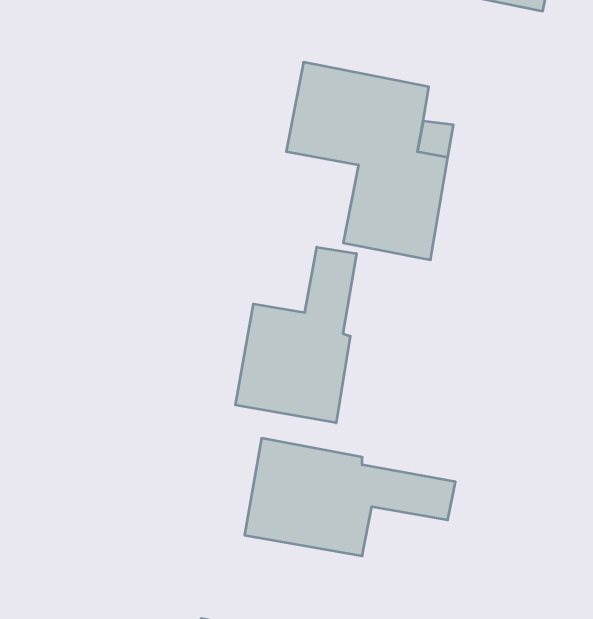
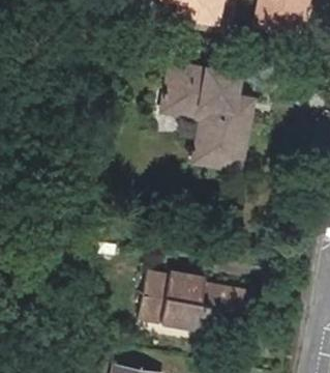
building: [235,247,356,423] -> none

